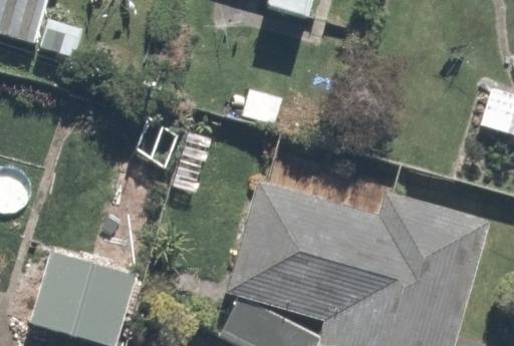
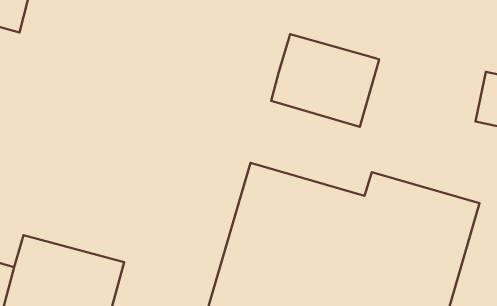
building: none -> [271,34,379,127]

